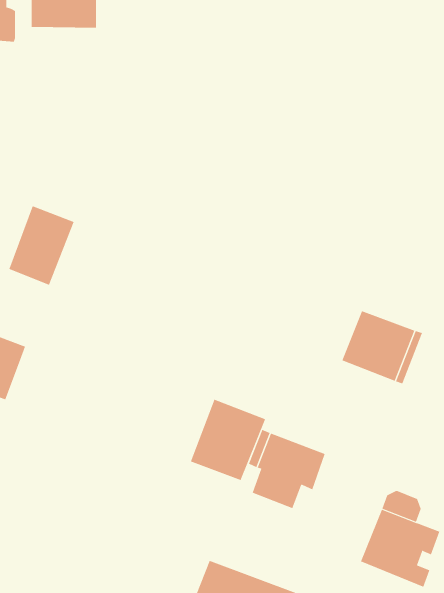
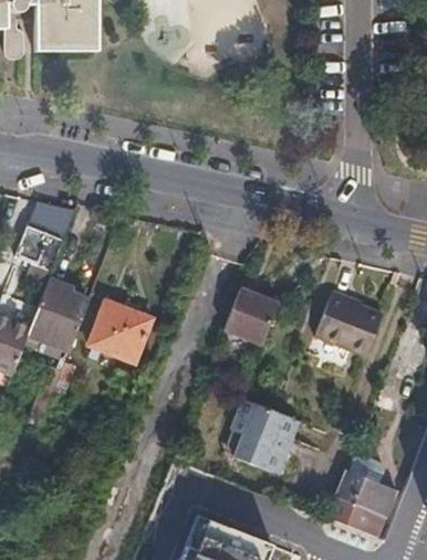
building: none -> [28,277,91,351]
building: none -> [222,292,275,348]
building: none -> [91,300,150,361]
building: [190,399,266,481] -> none

